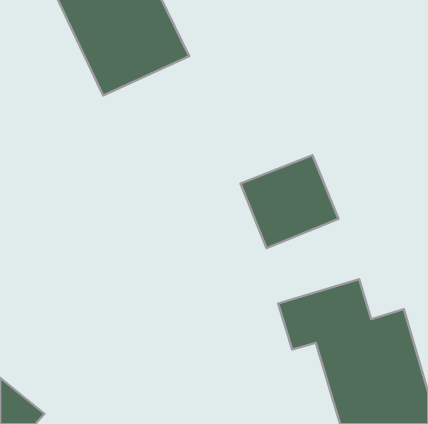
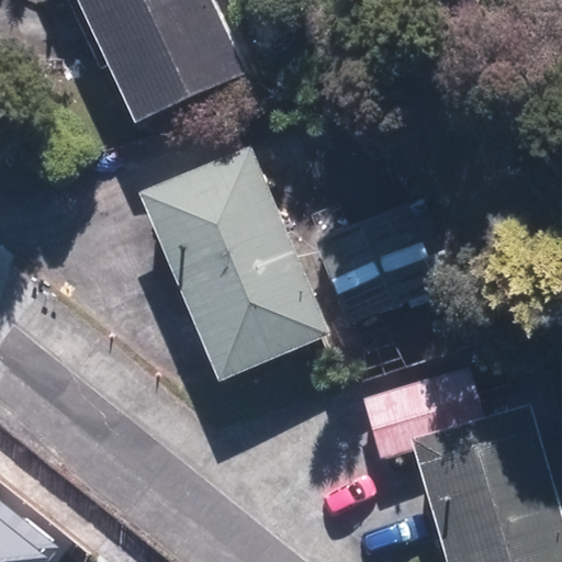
building: none -> [140,149,329,381]

